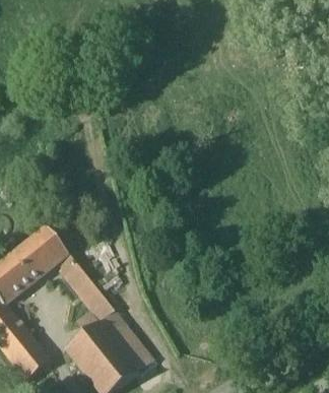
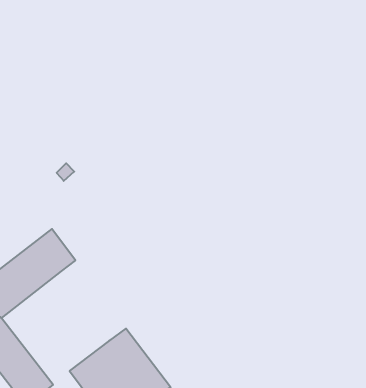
building: [58,252,114,321] -> none

